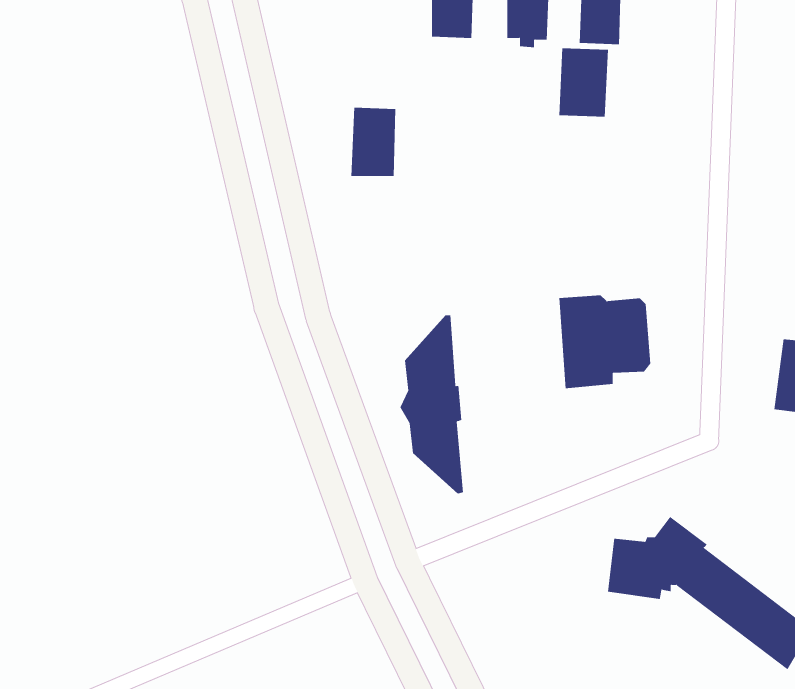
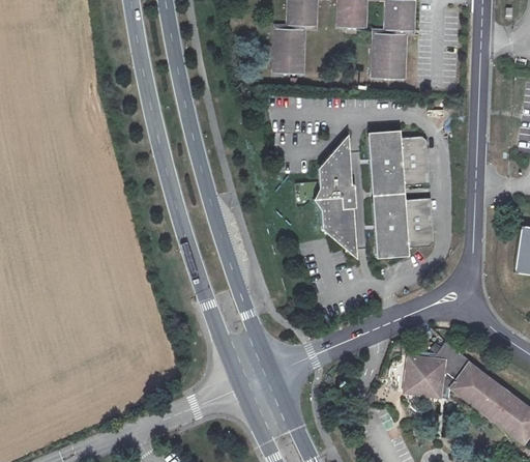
building: [351,107,396,176] -> [274,28,304,74]
building: none -> [367,129,430,192]
building: [399,315,464,494] -> [315,138,357,256]

